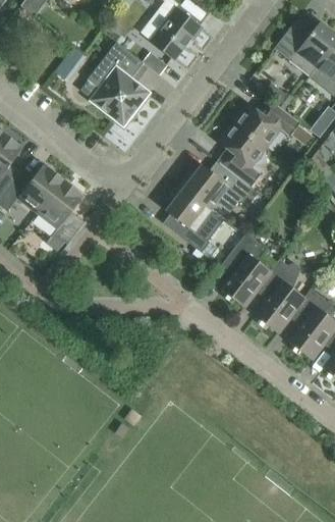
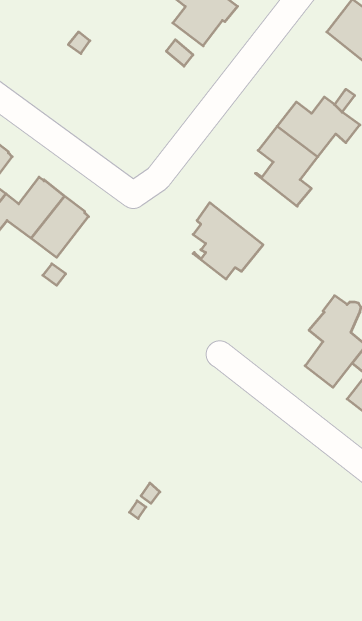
building: [88,42,149,125] -> none
building: [180,161,253,218] -> none
building: [223,232,272,306] -> none

